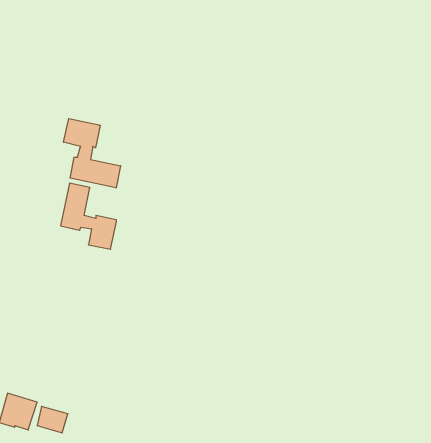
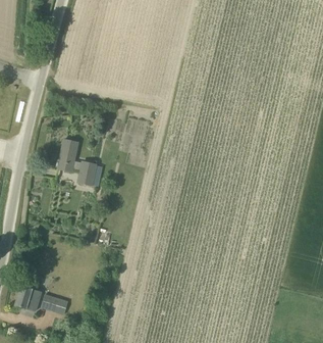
building: [63,119,121,188] -> none

